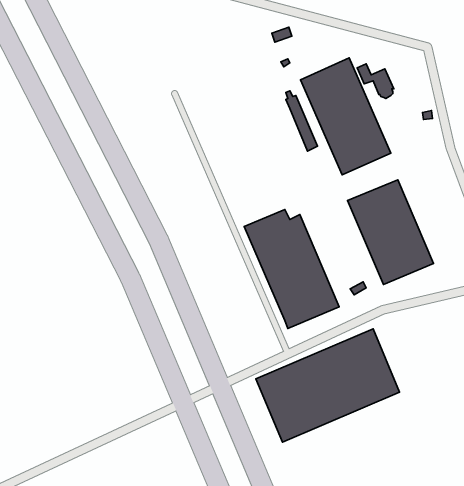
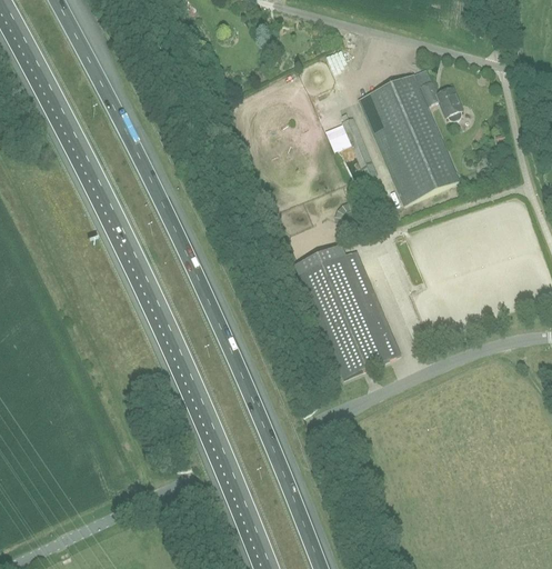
building: [348,180,434,285] -> none
building: [256,329,399,442] -> none

